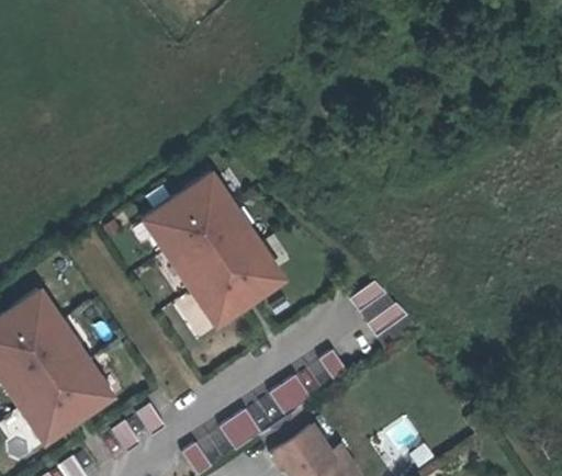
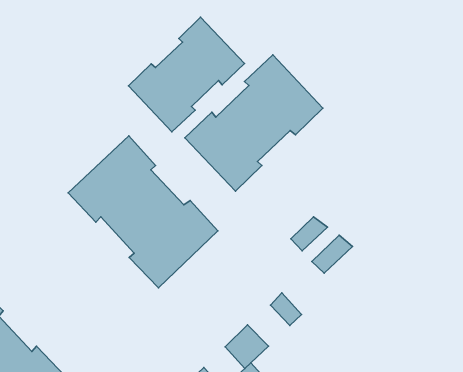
building: none -> [129,17,244,132]
building: none -> [185,55,323,191]

